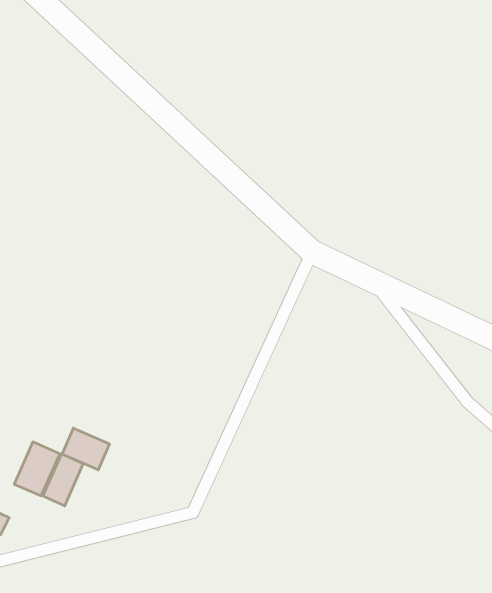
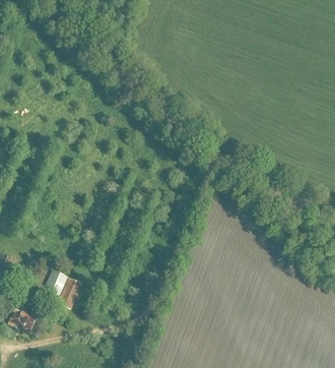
building: [62,428,109,470] -> none

